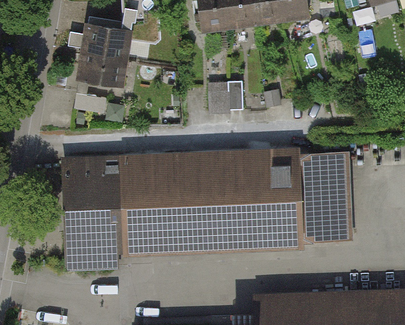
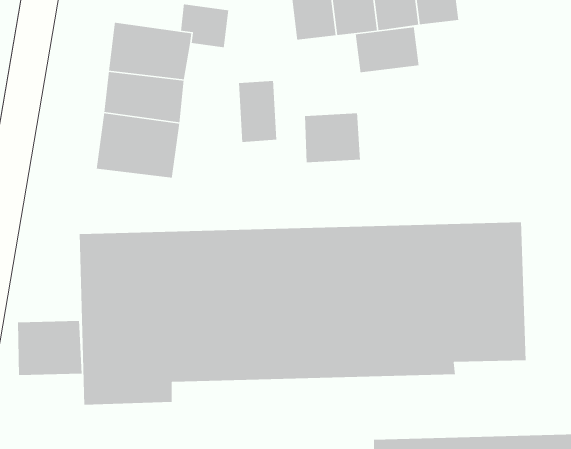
building: none -> [355,27,420,73]
building: none -> [238,80,277,143]
building: none -> [17,320,83,376]

